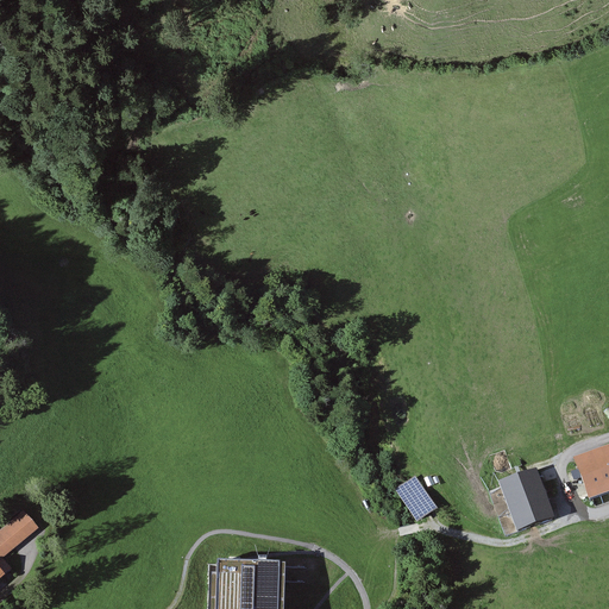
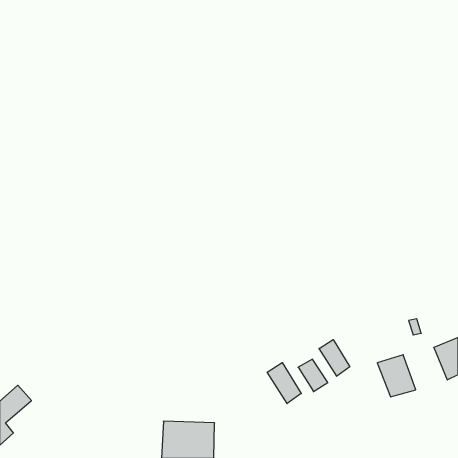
building: none -> [319,340,350,376]
building: none -> [267,363,301,404]

